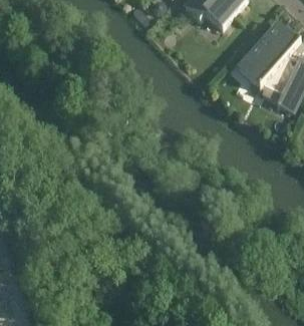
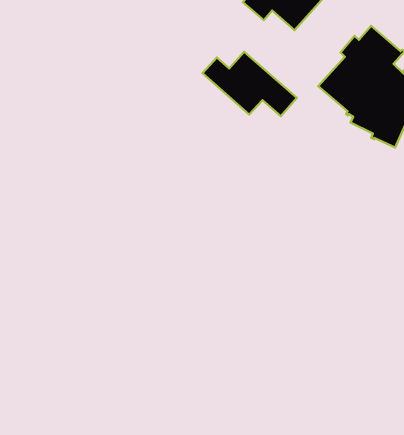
building: none -> [202,52,297,116]

